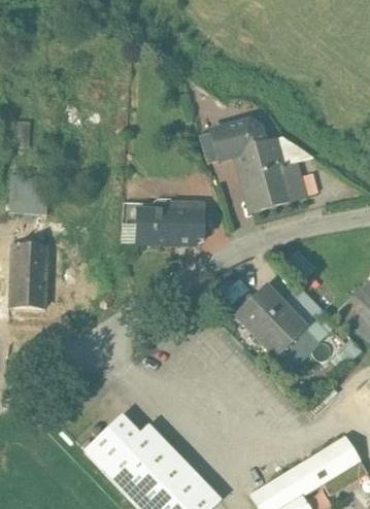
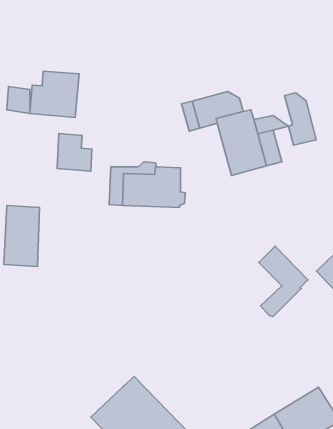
building: none -> [30,71,79,117]
building: none -> [285,93,316,145]
building: [10,174,47,214] -> [57,134,92,171]
building: [235,286,306,358] -> none
building: [86,418,137,469] -> none

